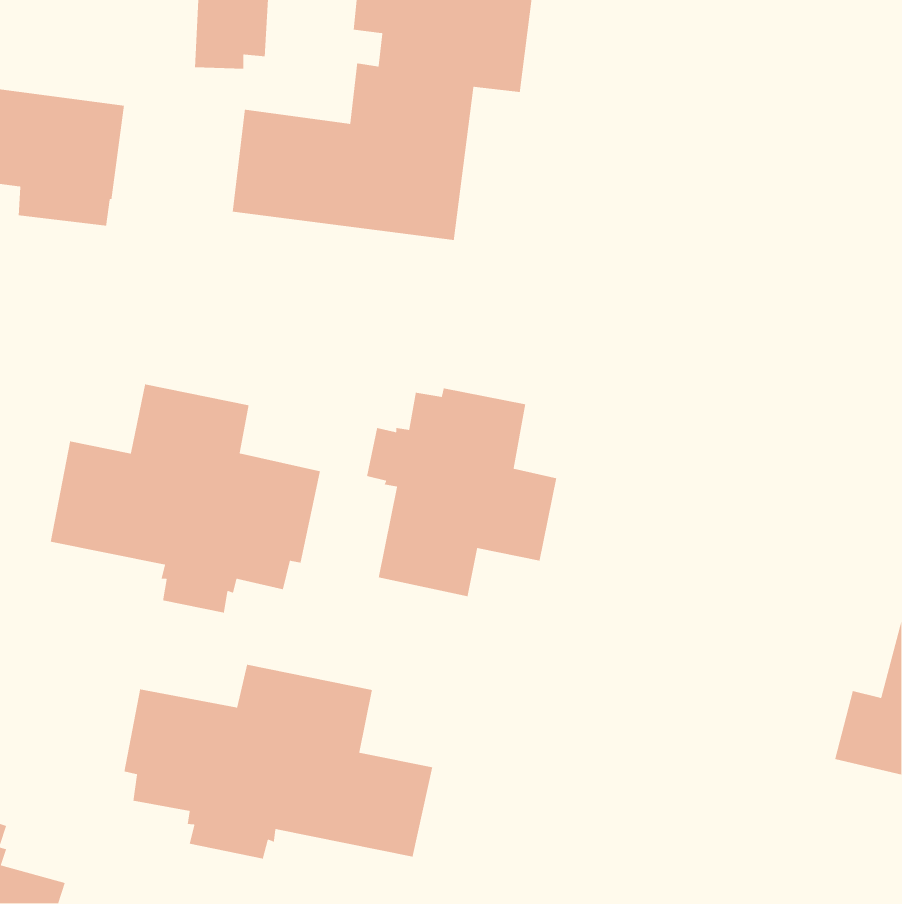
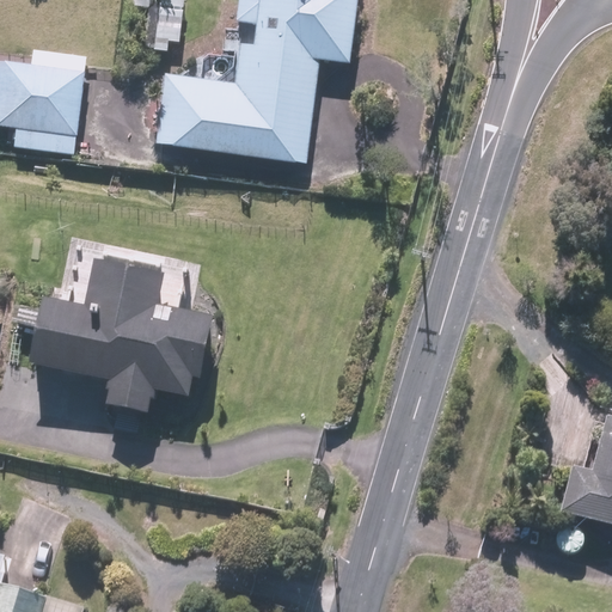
building: [366,388,557,597] -> none
building: [124,664,433,860] -> none

